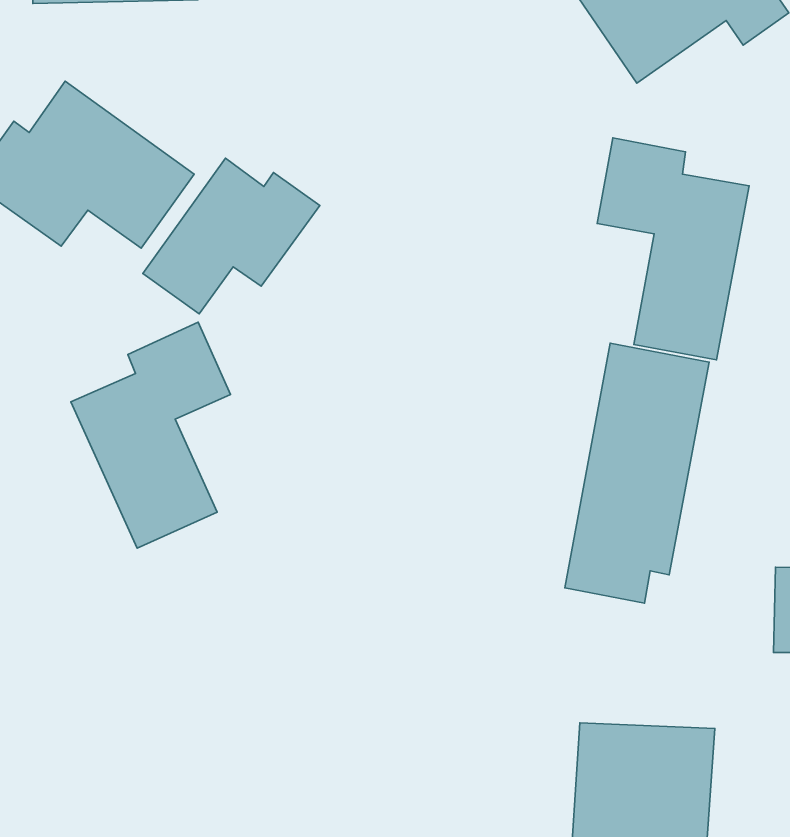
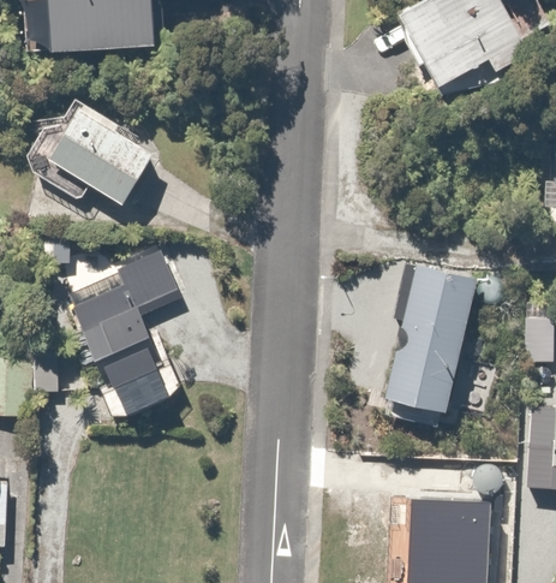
building: [597,138,749,360] -> none
building: [143,158,320,314] -> none

